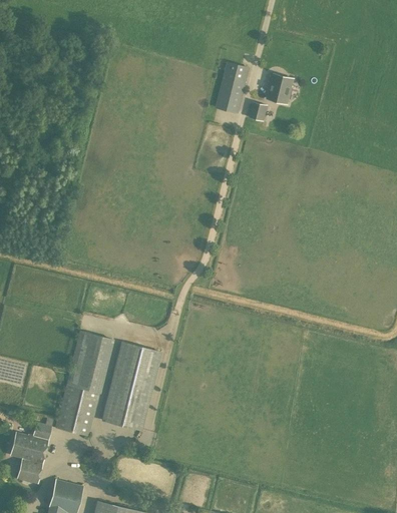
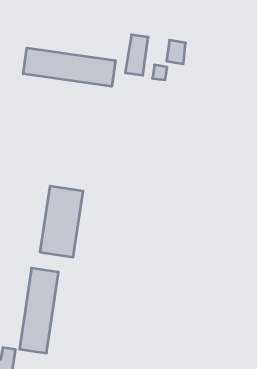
building: none -> [23,48,115,86]
building: [101,342,160,430] -> [40,186,83,257]

